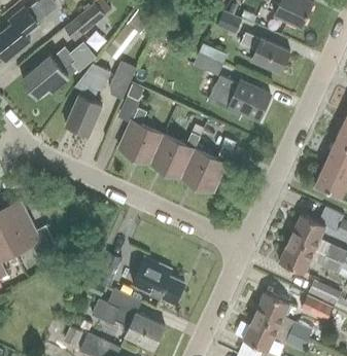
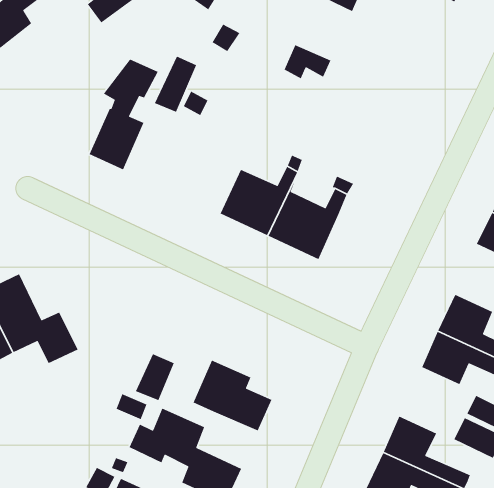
building: [241,34,290,73] -> none
building: [23,42,95,98] -> none
building: [208,76,270,119] -> none
building: [120,109,164,164] -> none

